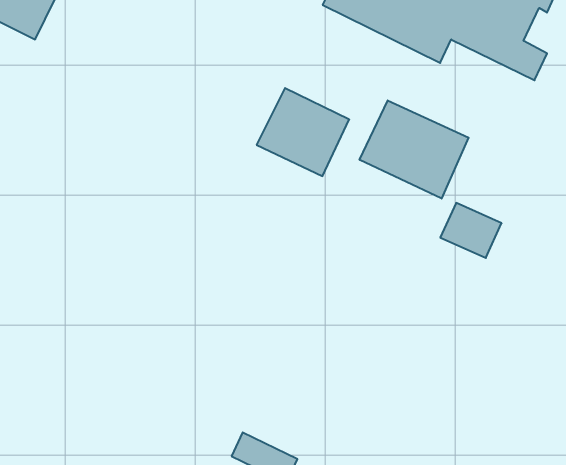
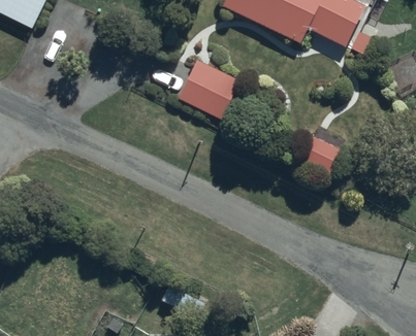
building: [360,100,469,199] -> none

